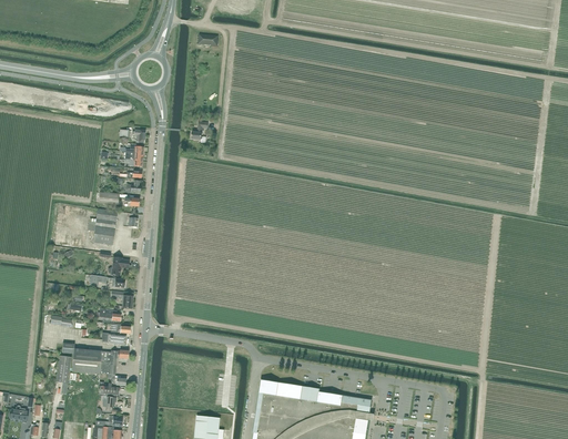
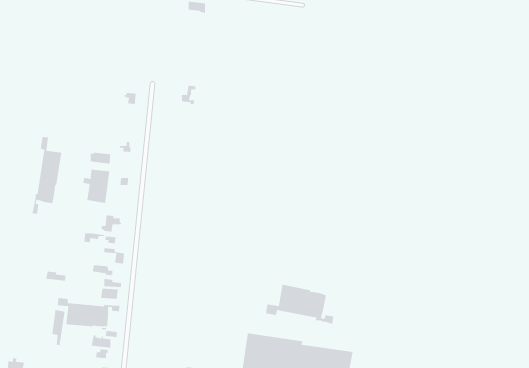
building: none -> [32,136,62,214]
building: none -> [265,284,334,325]

